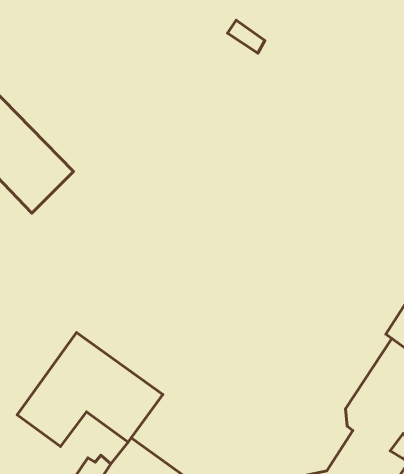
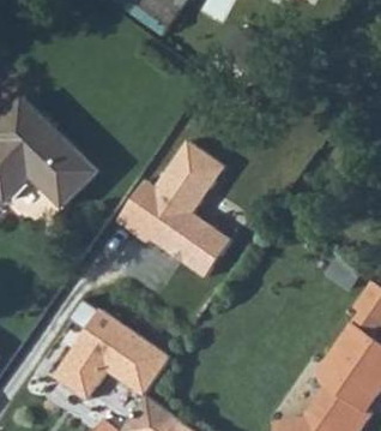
building: none -> [111,143,229,280]

